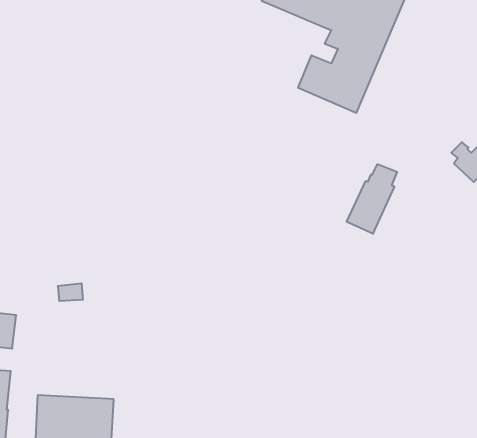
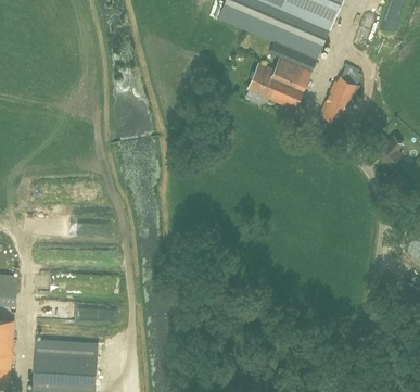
building: [347,164,397,234] -> [320,66,361,123]

